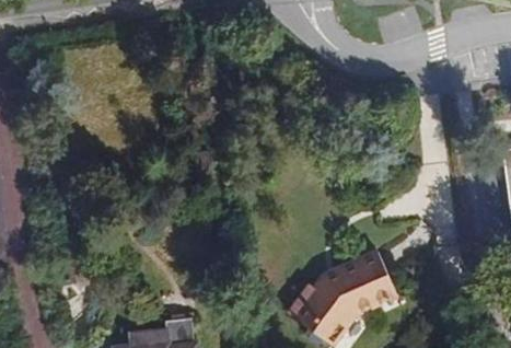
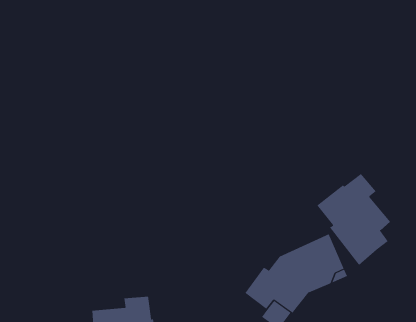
building: none -> [317,173,391,266]

